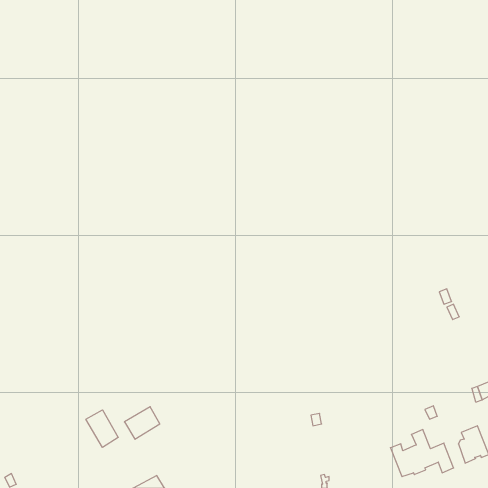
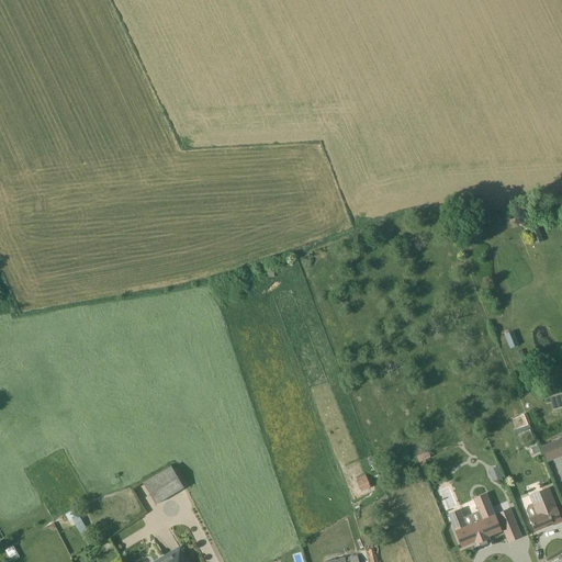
building: [86,410,118,447] -> none

